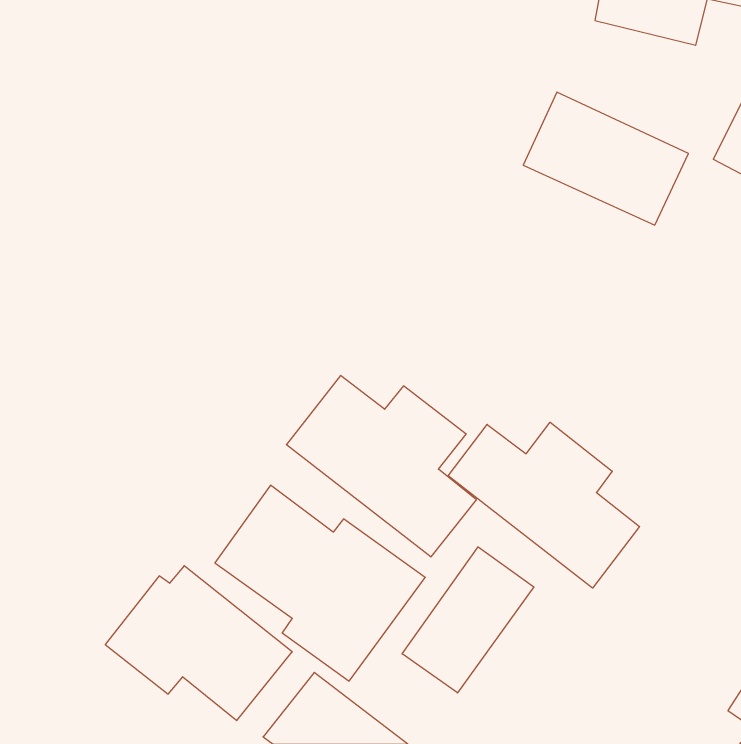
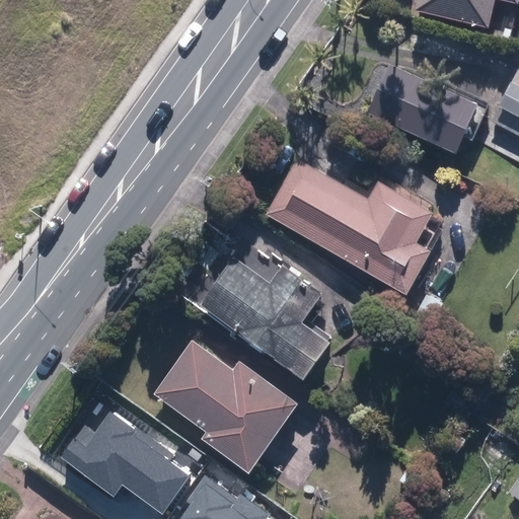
building: none -> [266,158,435,291]
building: [448,422,640,588] -> none
building: [402,547,534,693] -> none

